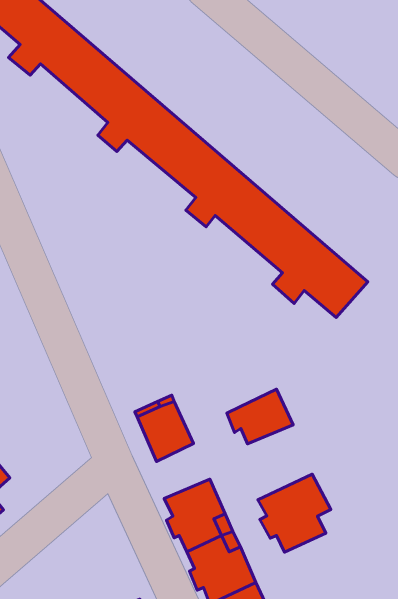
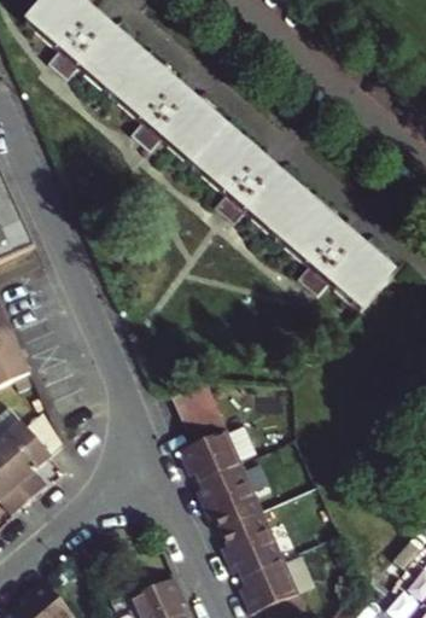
building: [227,389,293,444] -> [176,422,239,474]
building: [258,474,331,552] -> none

